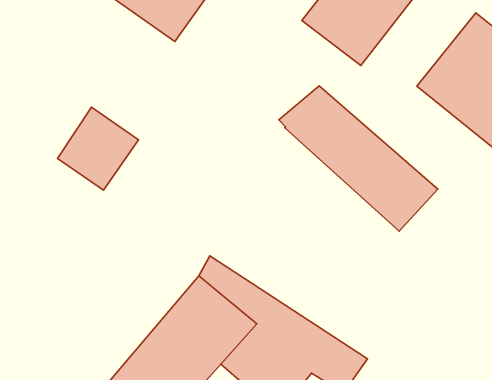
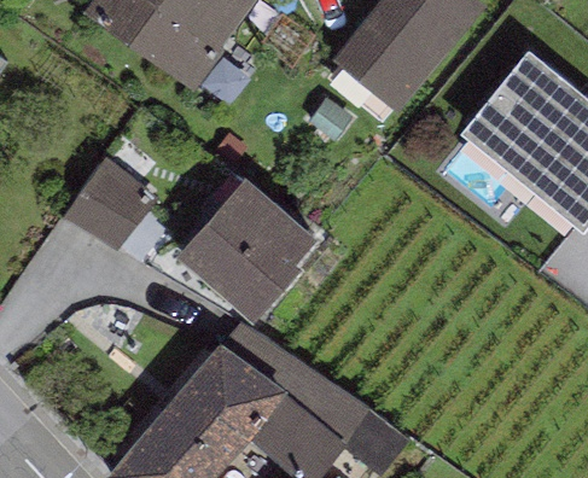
building: [279,86,438,231] -> none
building: none -> [174,181,320,327]

